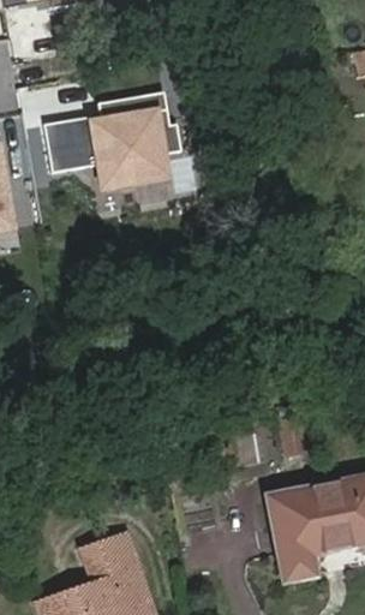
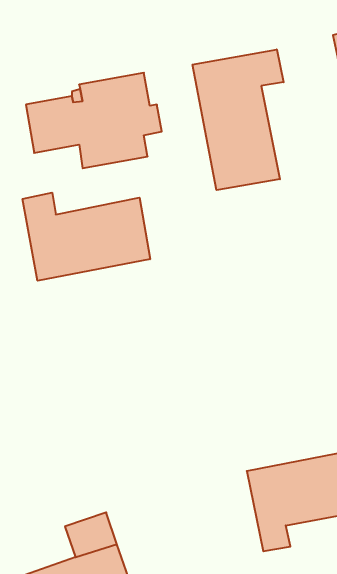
building: none -> [193,49,284,190]
building: none -> [23,193,150,281]

